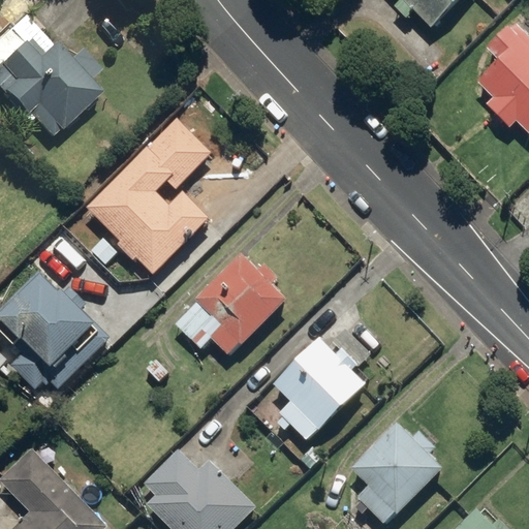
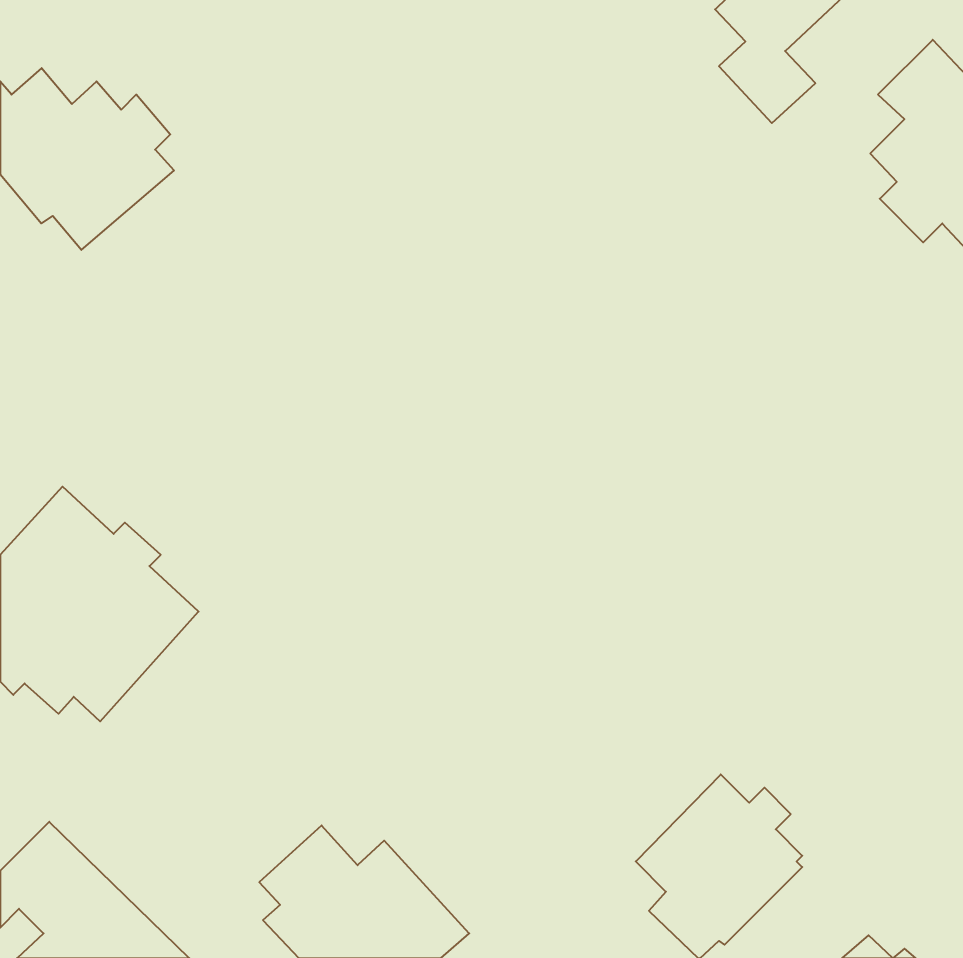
building: [84,119,211,278] -> none
building: [177,254,288,356] -> none
building: [271,328,372,440] -> none

